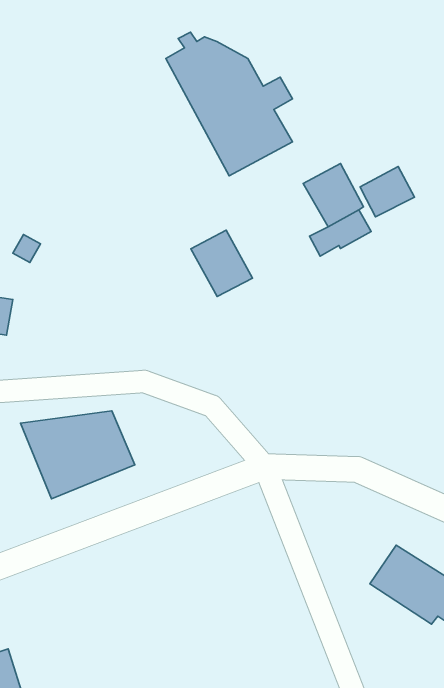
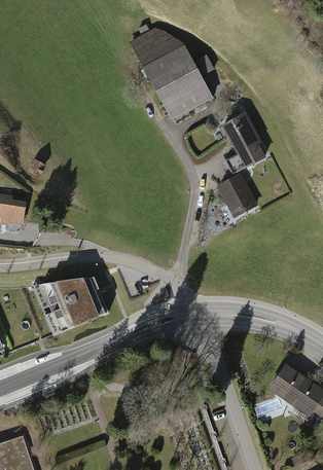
building: [360,167,414,217] -> none
building: [191,230,253,297] -> [216,173,257,217]

